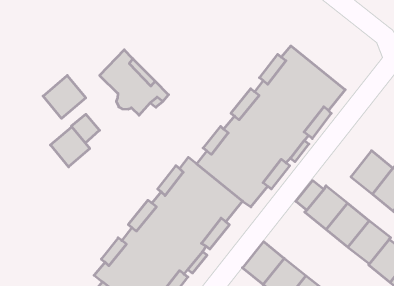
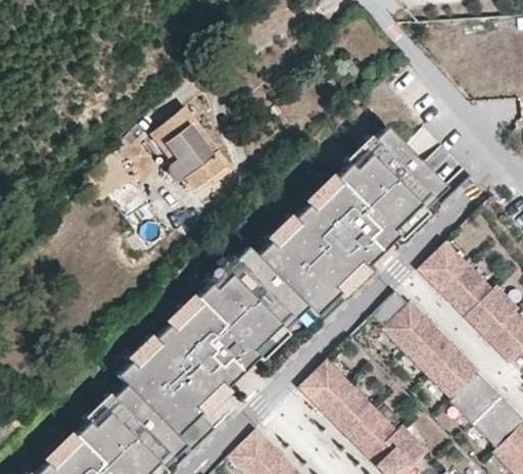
building: [43,75,86,118] -> none
building: [50,127,90,167] -> none
building: none -> [420,243,472,295]

